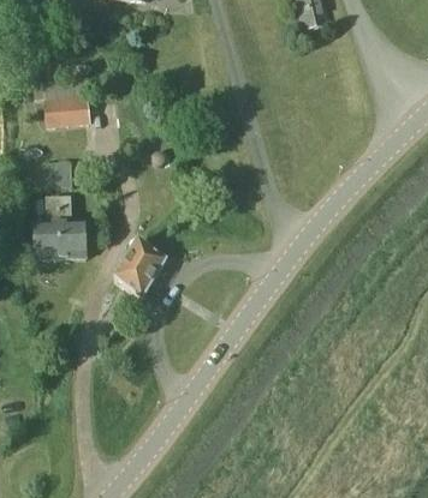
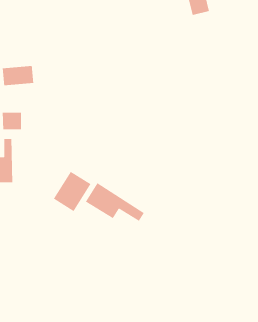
building: [59,194,85,257] -> none
building: none -> [85,182,145,222]

